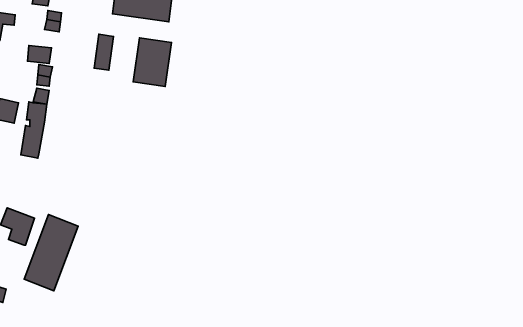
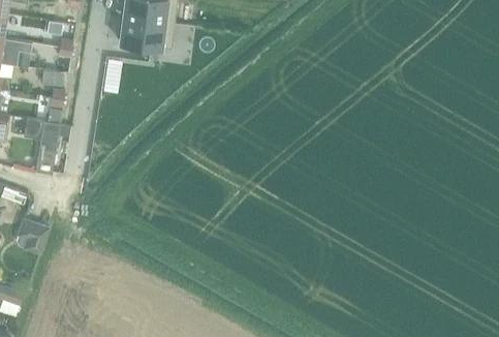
building: [133,38,171,87] -> none
building: [24,215,78,291] -> none

